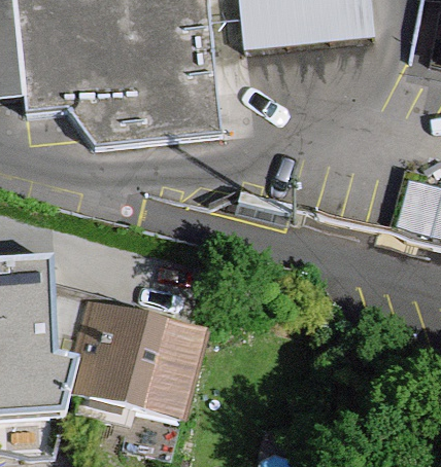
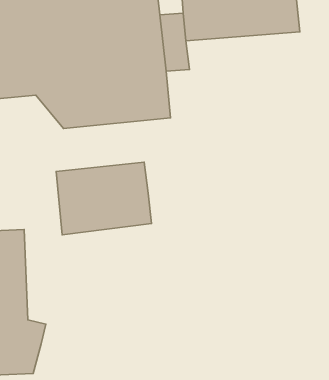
building: none -> [56,162,151,235]
building: [74,306,205,424] -> none

